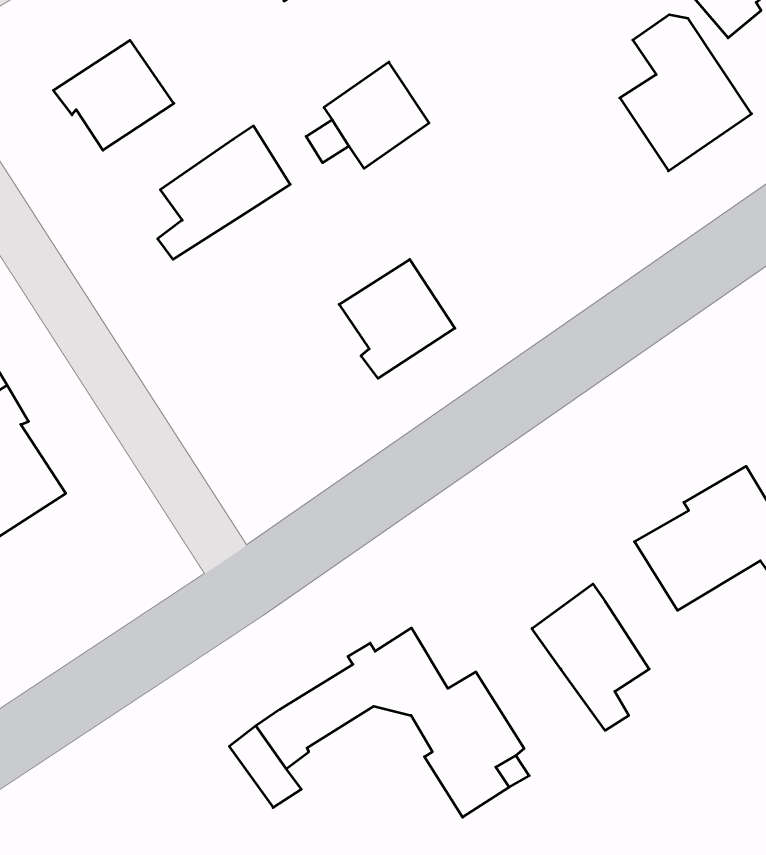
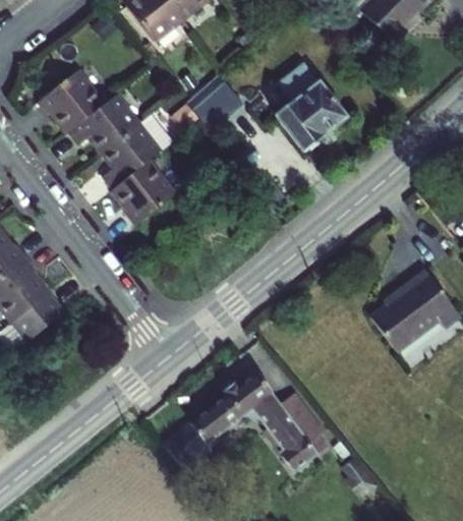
building: [620,15,752,171] -> [276,64,347,148]
building: none -> [68,93,137,149]
building: [339,259,455,378] -> [111,158,174,223]
building: [532,584,649,730] -> none

